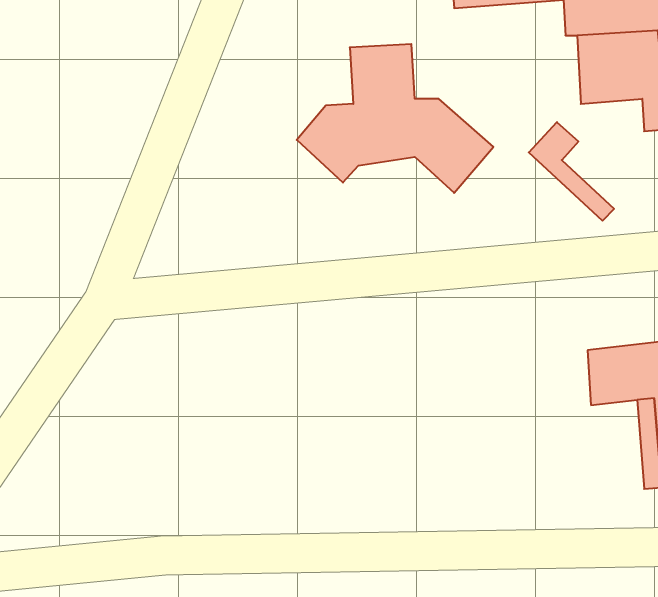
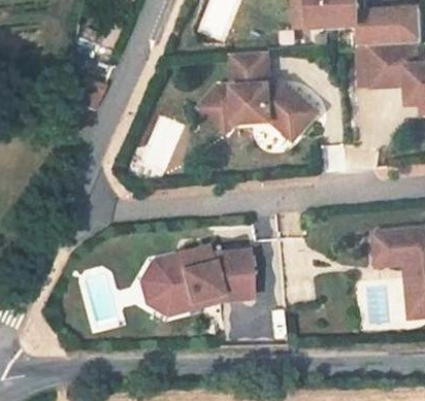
building: [529,122,614,221] -> none
building: none -> [131,247,241,316]

